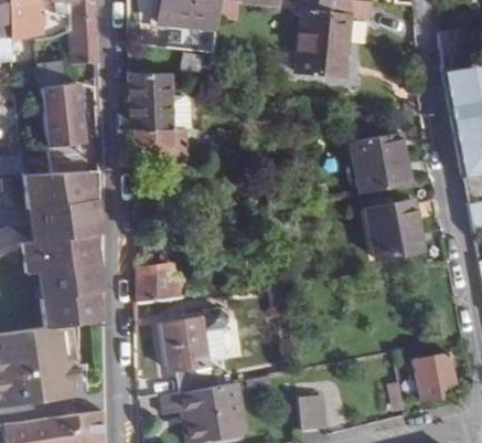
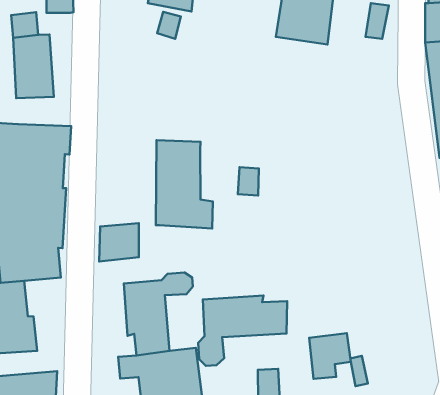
building: [128,72,188,156] -> [156,140,213,229]
building: [350,133,410,193] -> none
building: [366,200,424,259] -> none
building: none -> [198,295,287,366]
building: [414,355,456,401] -> [309,333,351,379]

